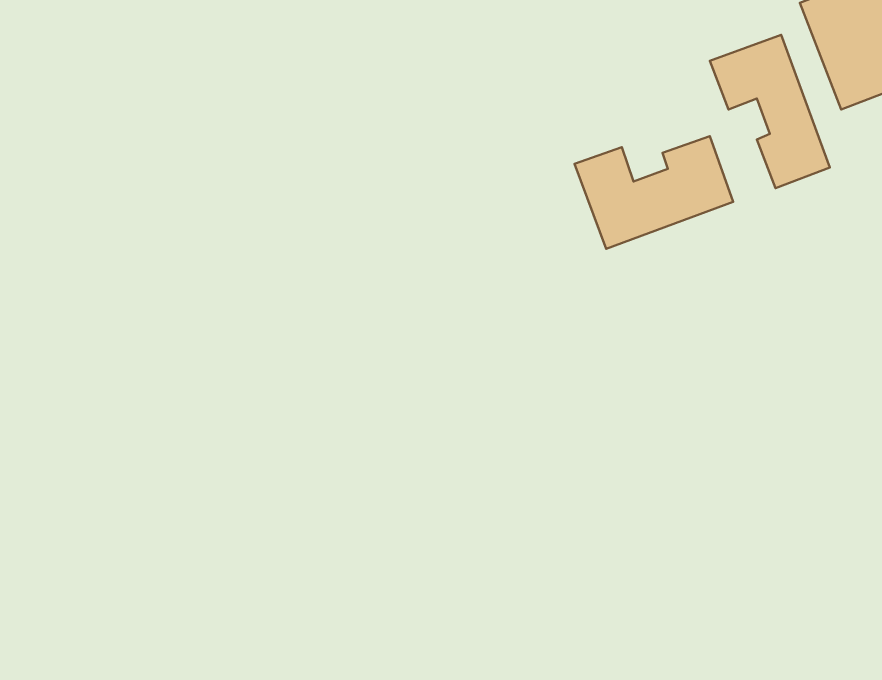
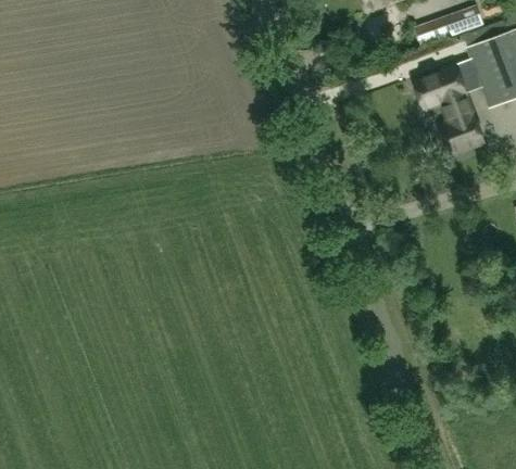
building: [575,136,733,249] -> none

